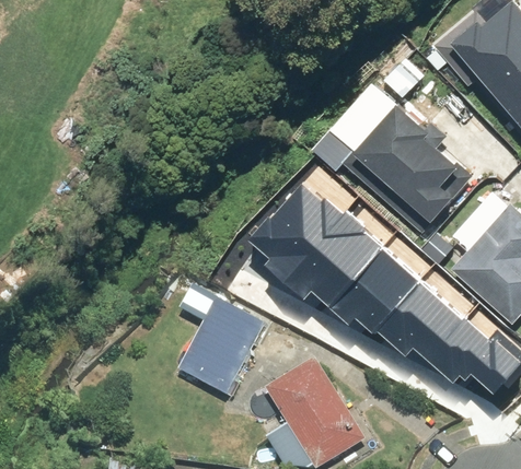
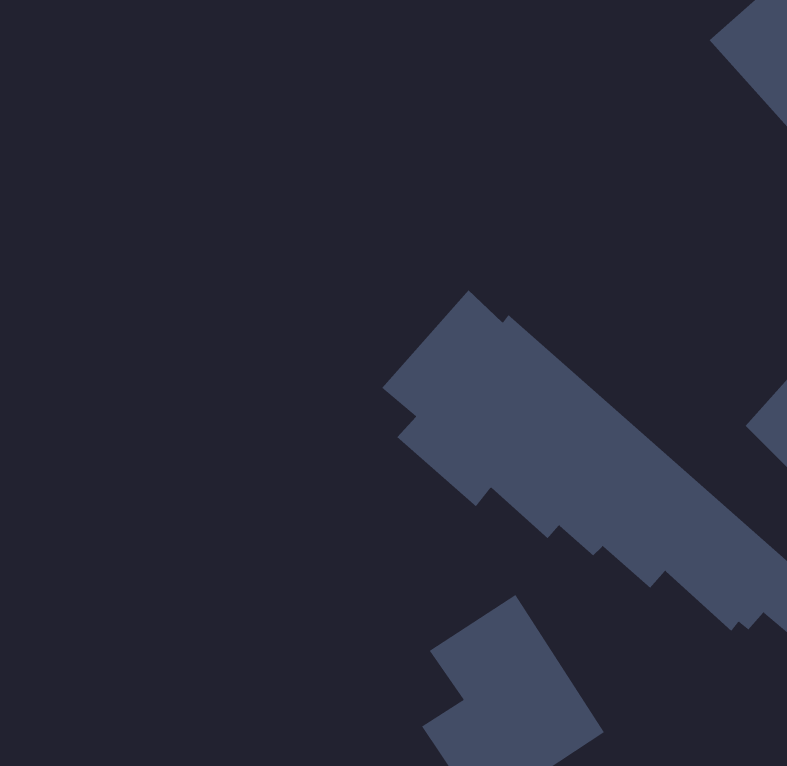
building: [334,85,471,224] -> none
building: [184,298,270,397] -> none

